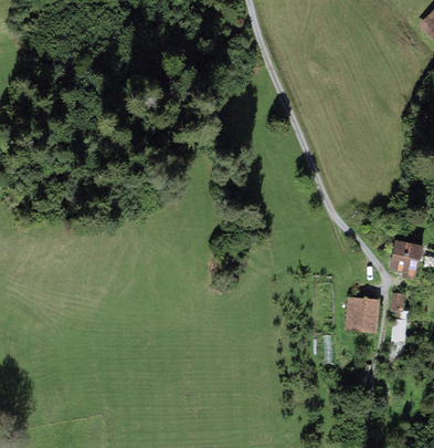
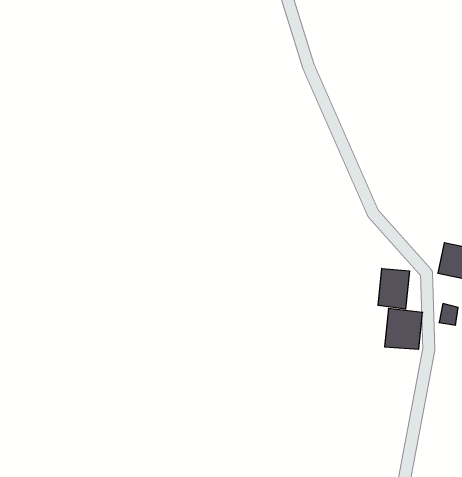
building: none -> [378,268,409,309]

